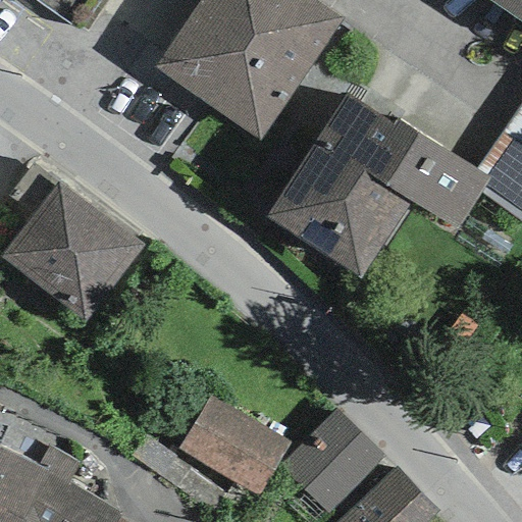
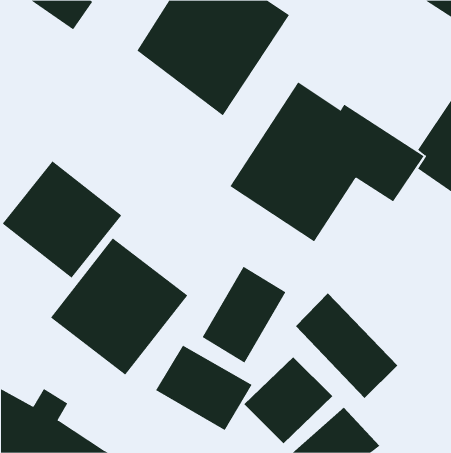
building: none -> [50,238,188,375]
building: none -> [202,266,286,363]
building: none -> [295,293,398,399]

